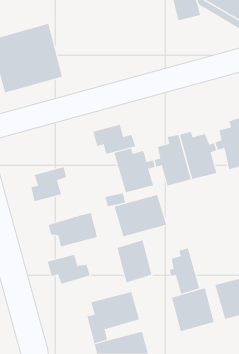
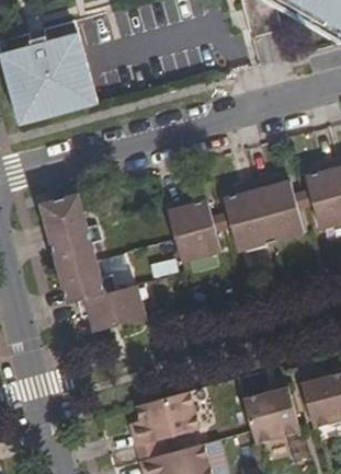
building: [93,124,136,155] -> [41,194,99,234]
building: [114,194,167,237] -> none
building: [117,240,152,283] -> none
building: [169,248,200,295] -> none
building: [47,254,90,285] -> [58,261,116,301]

